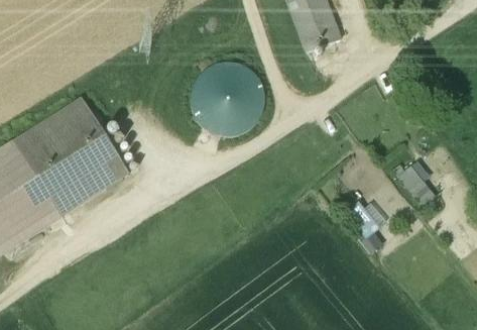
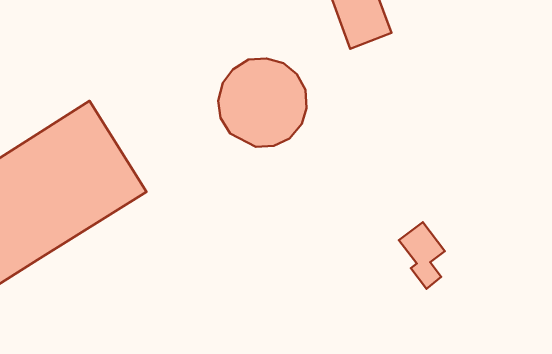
building: [394,160,434,207] -> none

